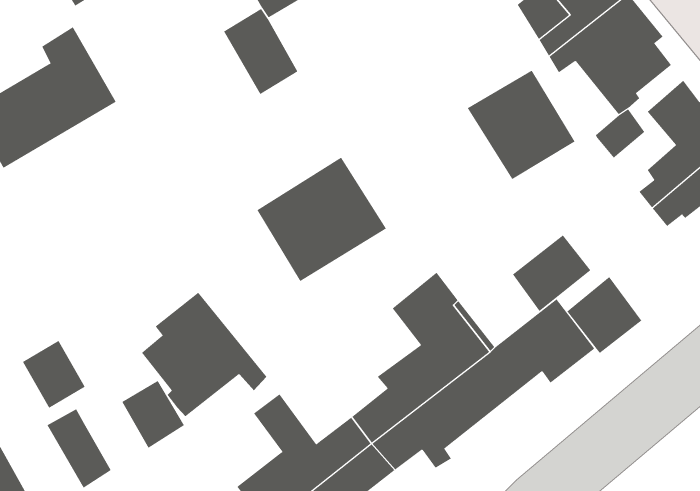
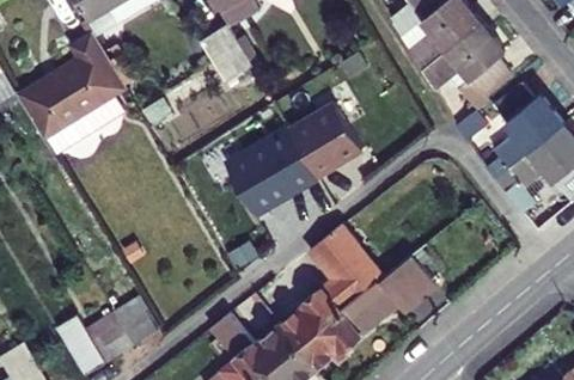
building: [467,70,575,180] -> [279,109,356,188]
building: [512,234,591,312] -> none
building: [566,276,642,354] -> none
building: [141,292,267,417] -> none
building: [22,340,85,409] -> [94,312,140,361]

